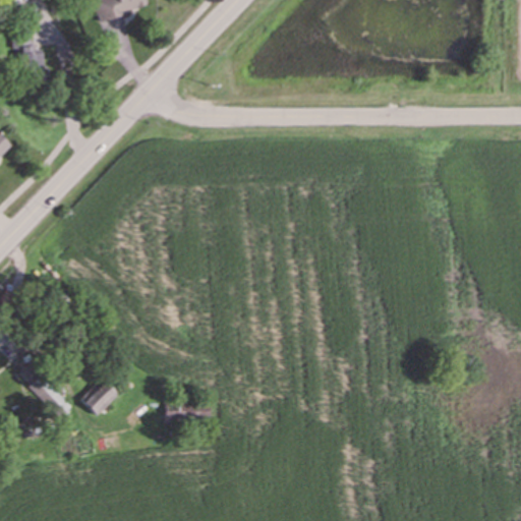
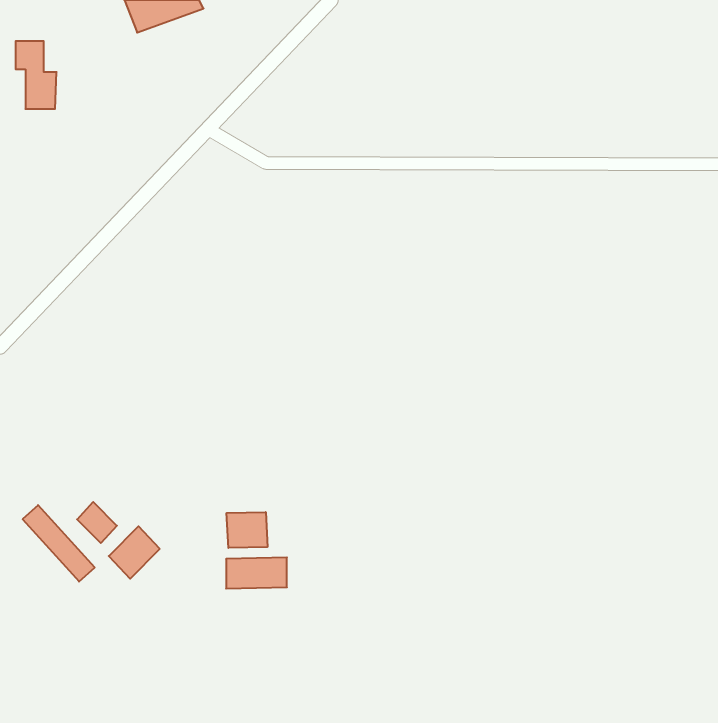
building: none -> [77,502,117,543]
building: none -> [227,512,267,548]

